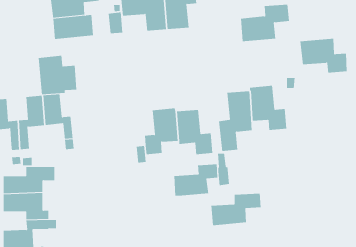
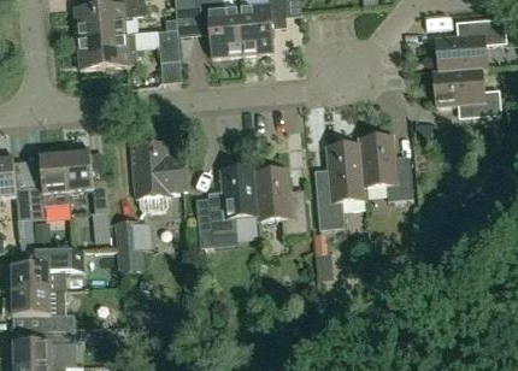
building: [238,4,290,42] -> [431,17,506,71]
building: [38,55,77,95] -> [130,140,187,196]
building: none -> [113,219,151,271]
building: [174,163,218,196] -> none
building: [211,193,261,226] -> none

